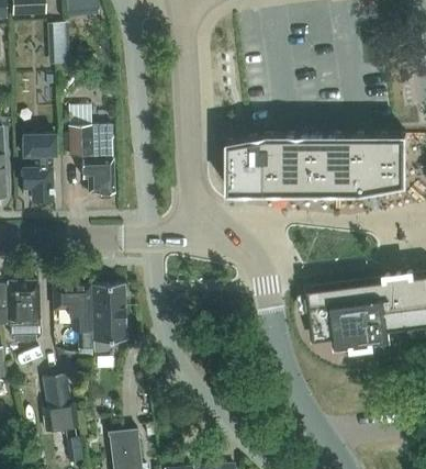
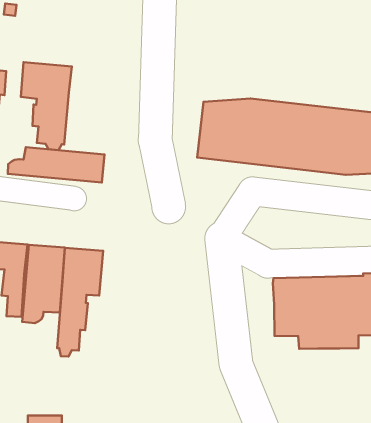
building: none -> [8,147,105,182]
building: none -> [57,248,103,357]

